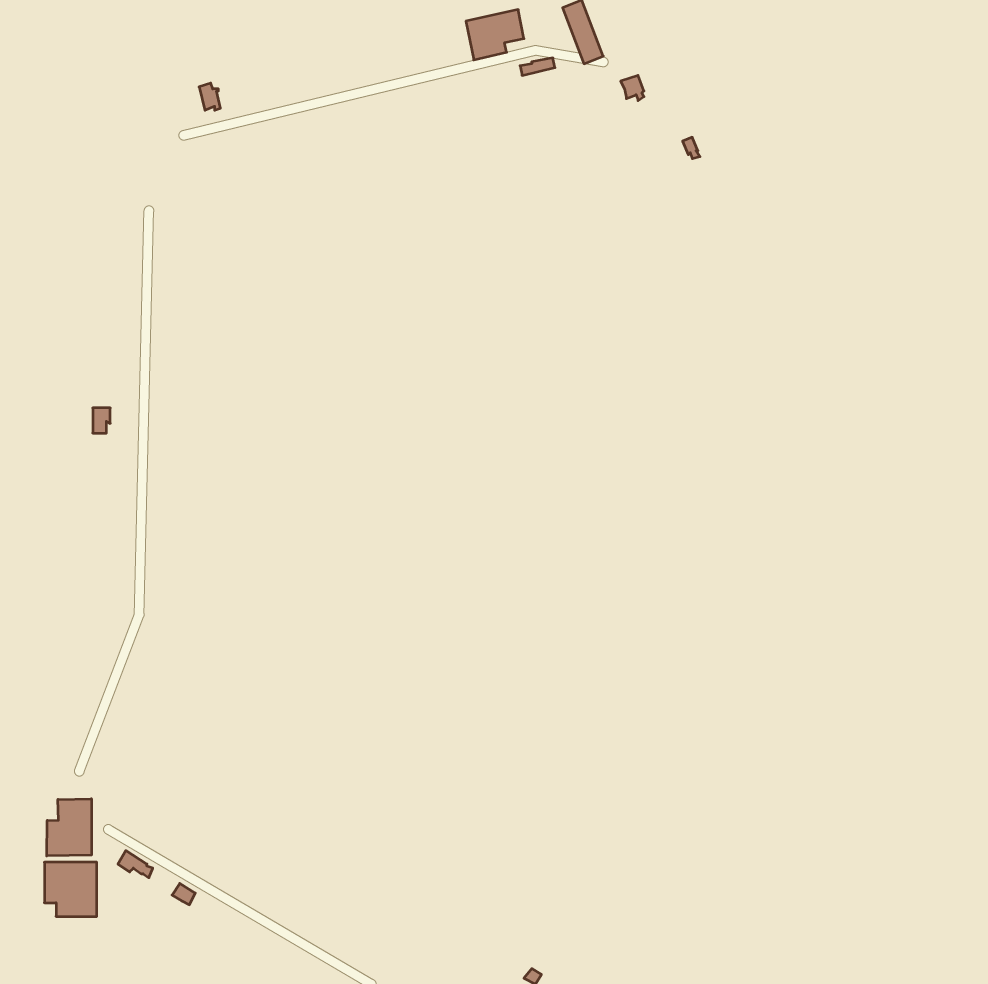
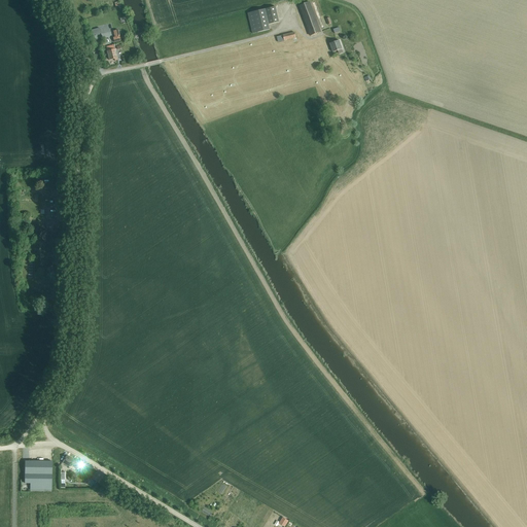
building: [47,799,91,856] -> none

